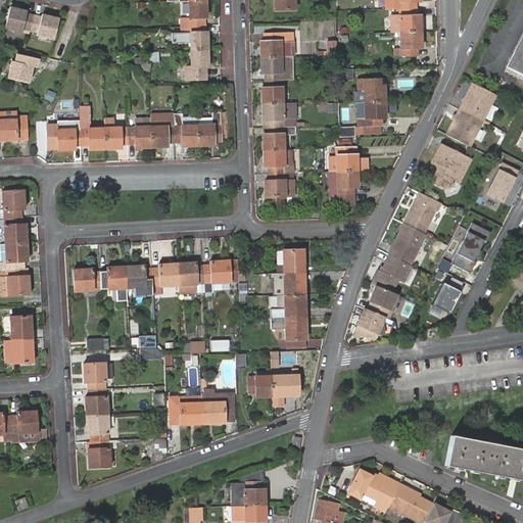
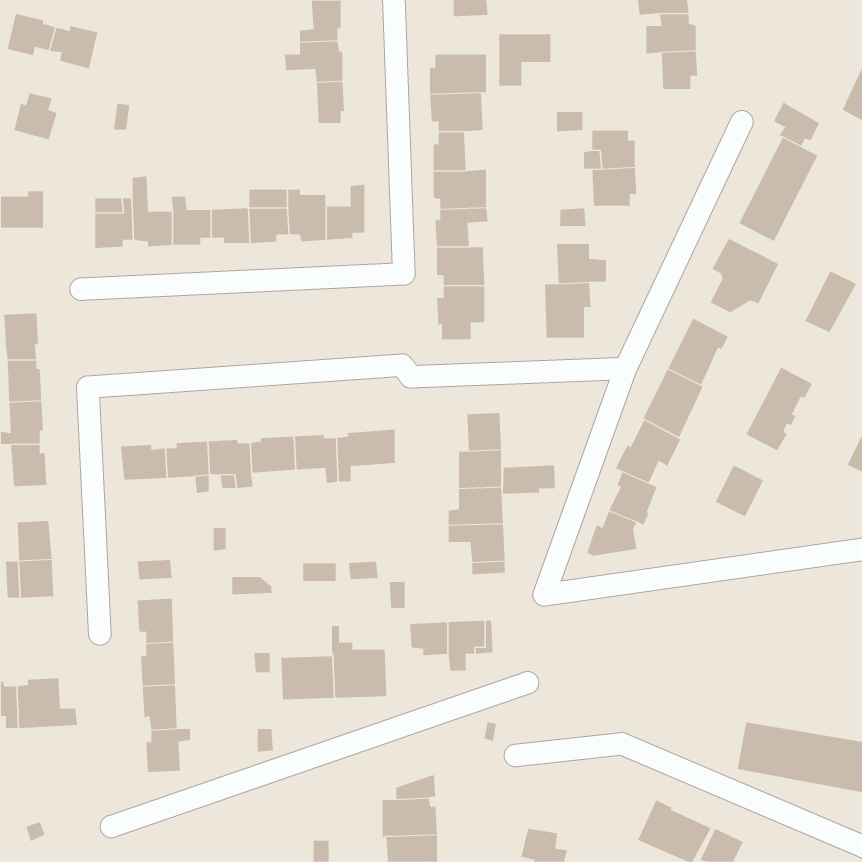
building: none -> [773,101,820,147]
building: none -> [502,465,555,495]
building: [347,472,397,512] -> none

